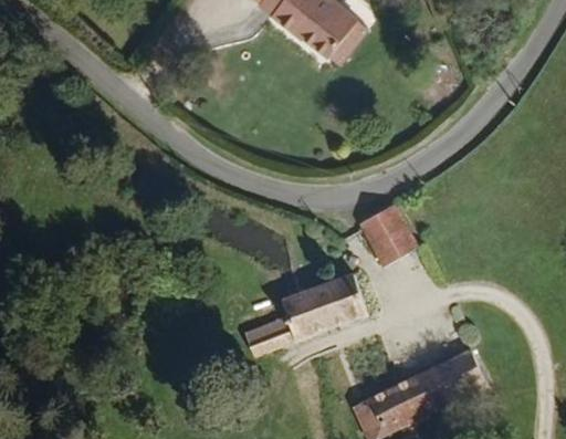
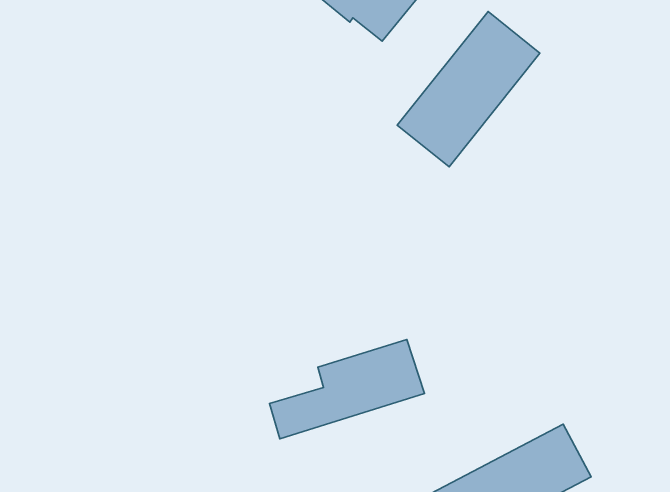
building: none -> [397,11,540,167]
building: [358,203,418,266] -> none

